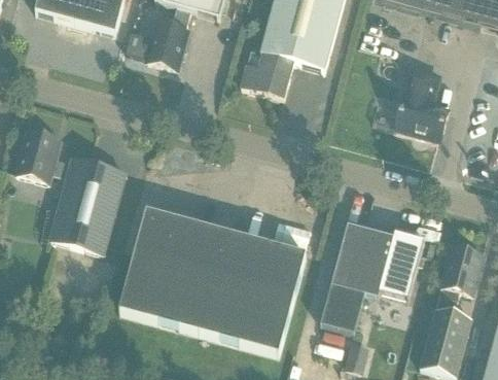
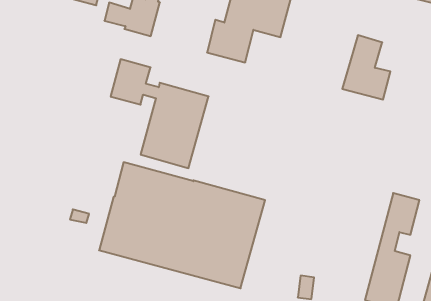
building: [15,130,127,253] -> [111,59,209,168]
building: [321,222,424,332] -> none

